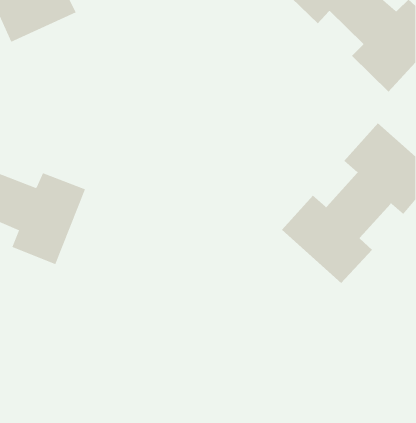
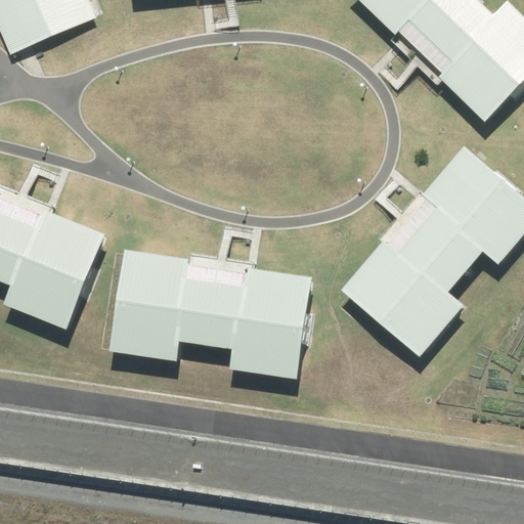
building: none -> [107,250,313,382]

